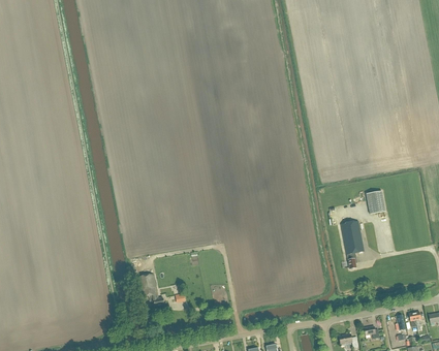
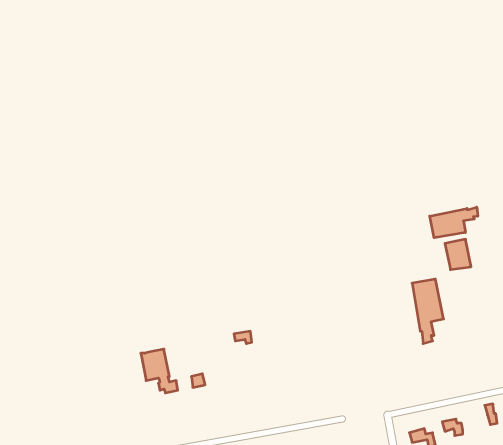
building: none -> [430,207,478,238]

